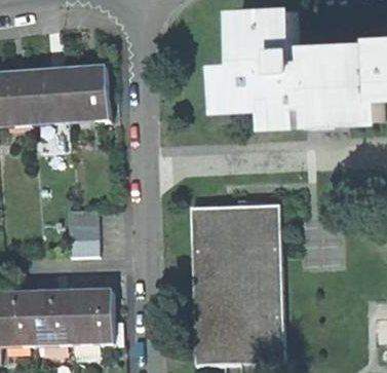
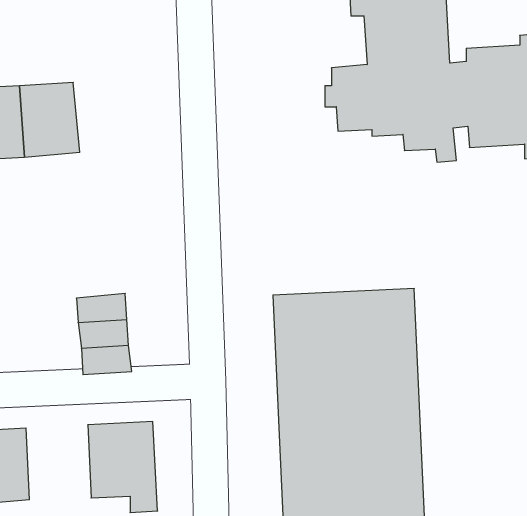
building: [62,71,109,119] -> none
building: [32,292,73,339] -> none

